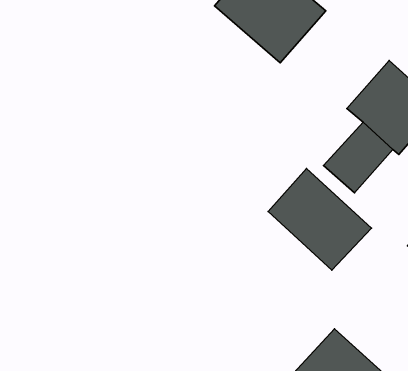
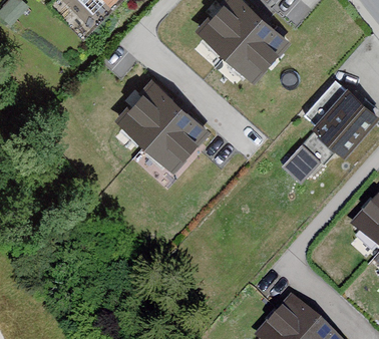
building: none -> [116,82,209,173]
building: [268,169,371,270] -> none

